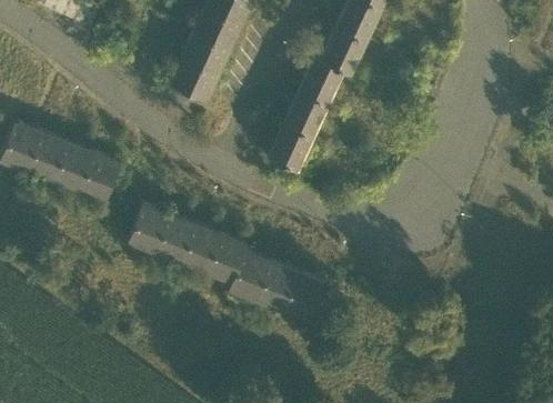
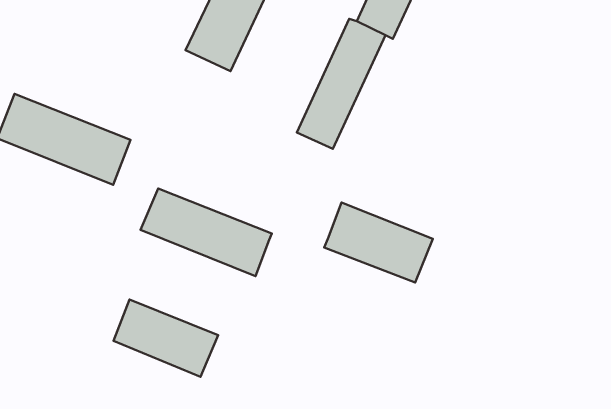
building: [227,251,323,322] -> [324,203,433,282]
building: none -> [113,299,218,377]

